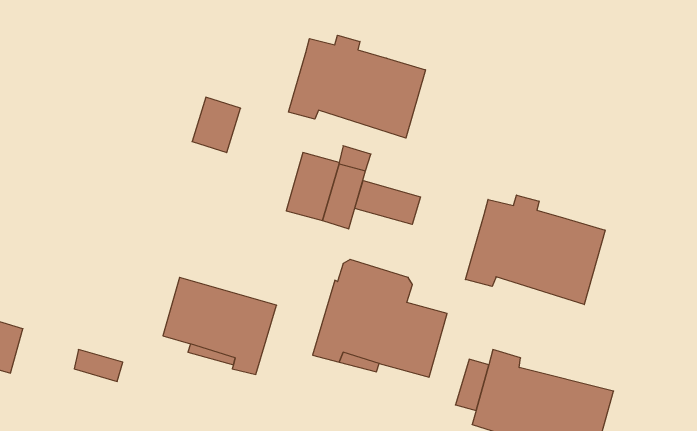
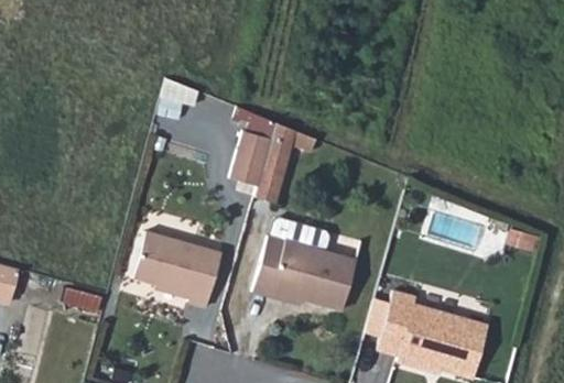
building: [288,35,425,138] -> none
building: [355,180,421,224] -> none
building: [465,195,605,305] -> none

